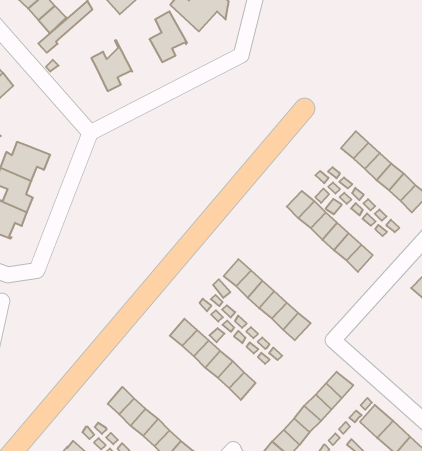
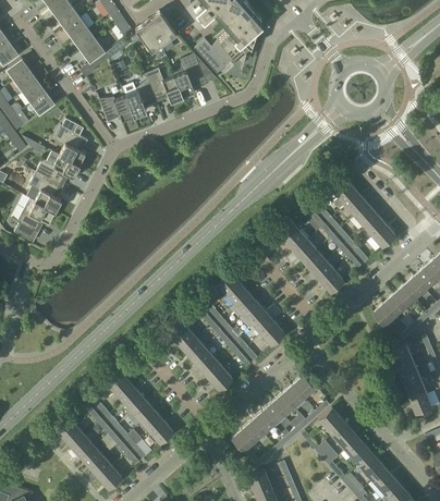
building: none -> [146,70,183,103]
building: none -> [96,94,134,123]
building: none -> [53,120,88,167]

